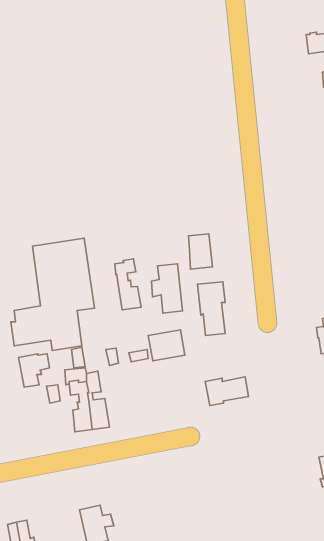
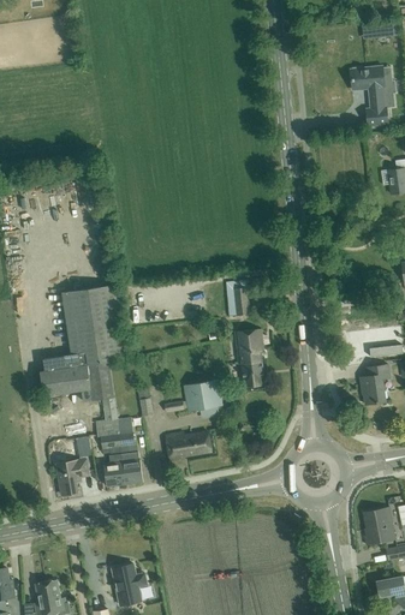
building: [115,259,141,310] -> none
building: [152,264,183,313] -> none
building: [18,354,49,387] -> [56,460,89,495]
building: [205,377,249,406] -> [166,431,212,461]

